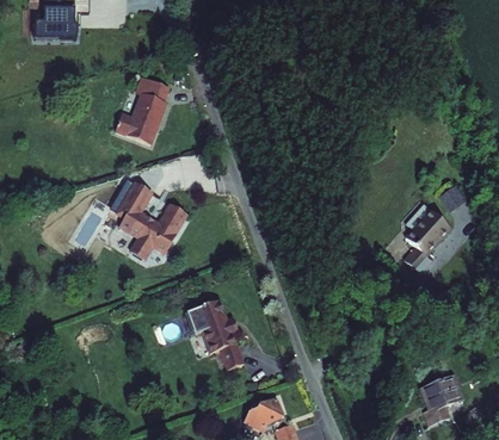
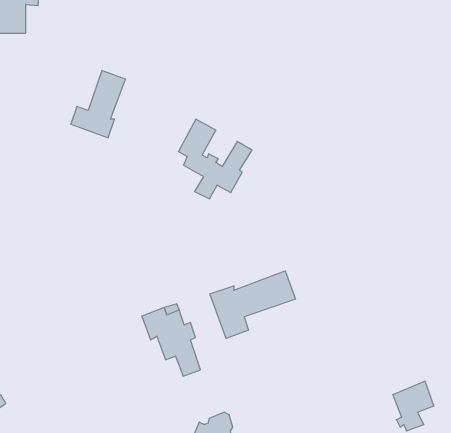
building: [117,180,187,256] -> [178,119,252,199]
building: [395,209,443,274] -> none
building: none -> [210,271,296,338]

